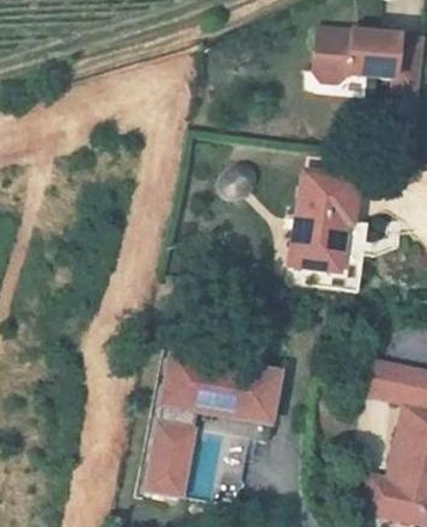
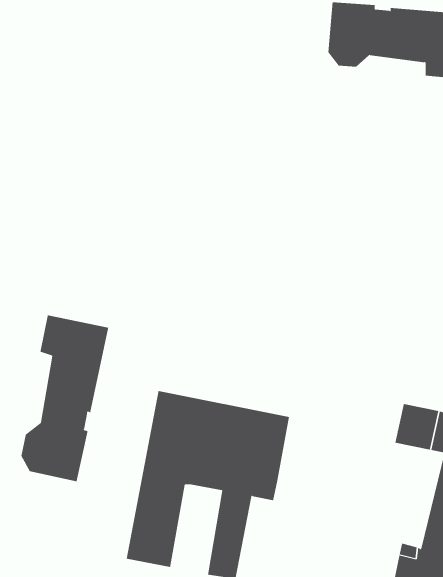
building: [293,172,359,269] -> none
building: none -> [21,314,109,482]

